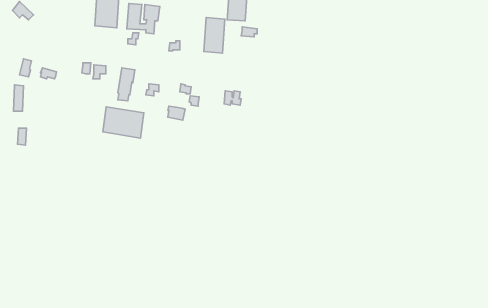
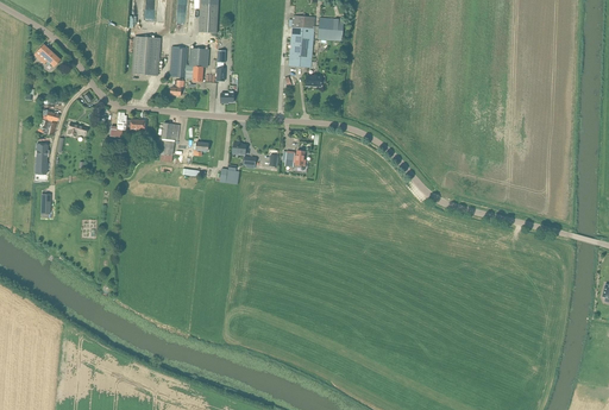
building: [204,17,225,53] -> none
building: [103,107,144,138] -> none

